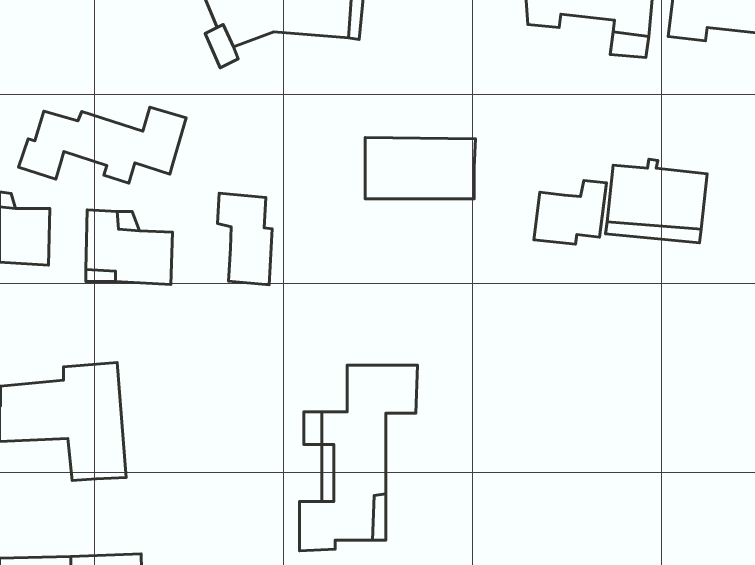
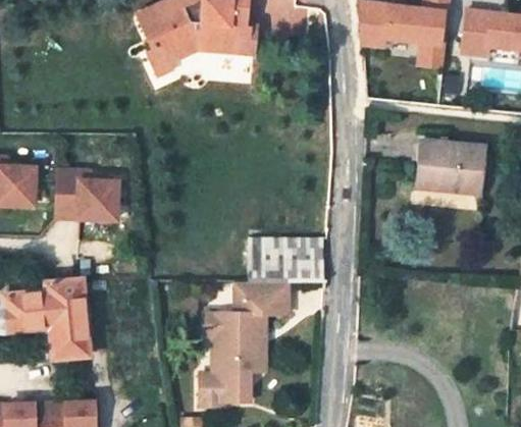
building: [19,107,186,183] -> none
building: [365,137,476,199] -> [249,235,324,277]
building: [534,180,606,244] -> none
building: [218,193,272,285] -> none

